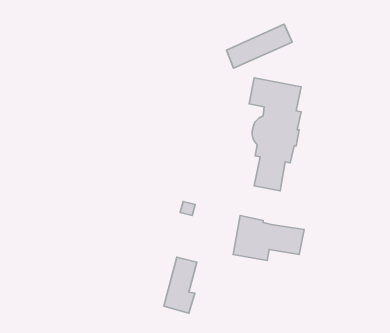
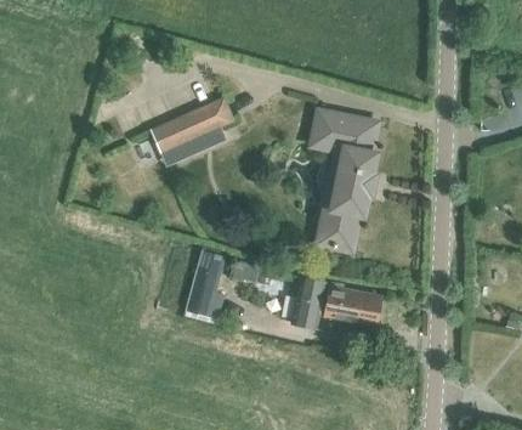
building: [226,24,292,68] -> [152,98,232,152]
building: [164,257,197,313] -> [185,250,225,318]

